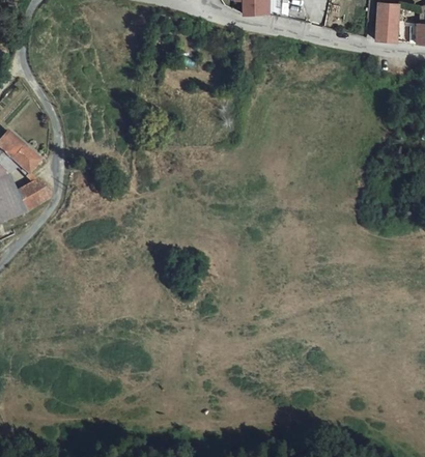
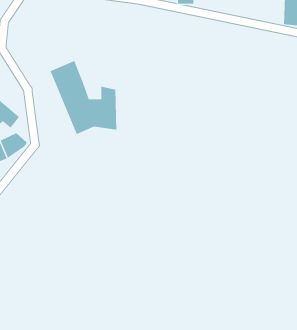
building: none -> [50,60,117,135]

